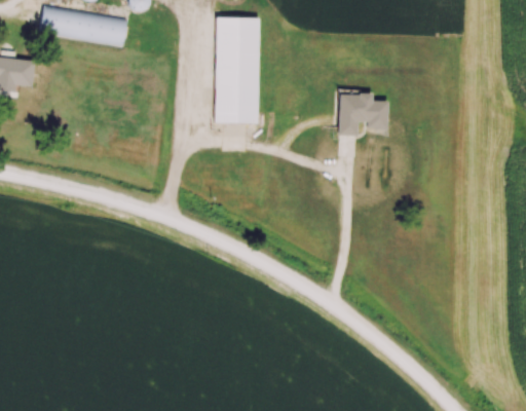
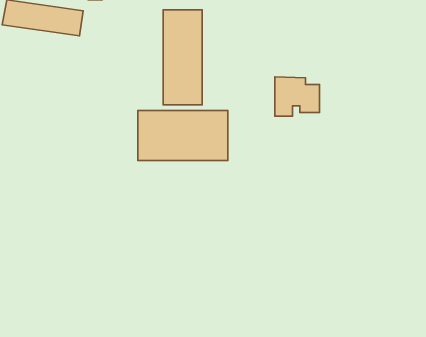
building: none -> [138,110,228,160]

